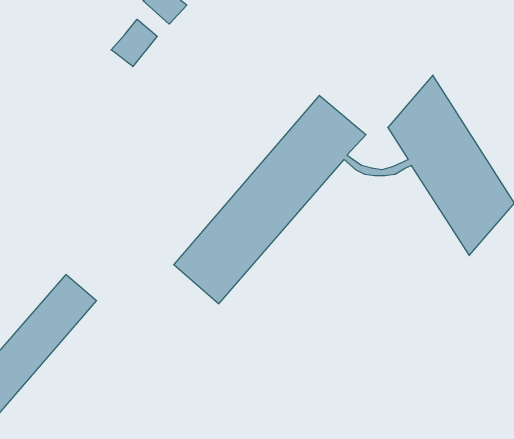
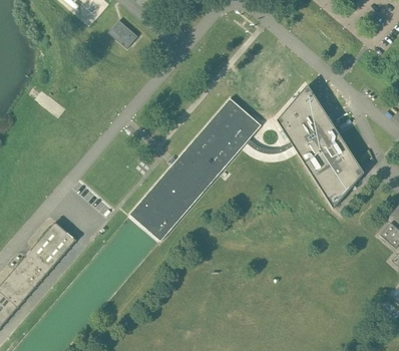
building: [111,19,157,67] -> none

